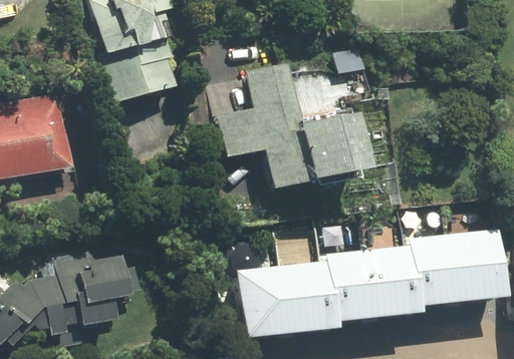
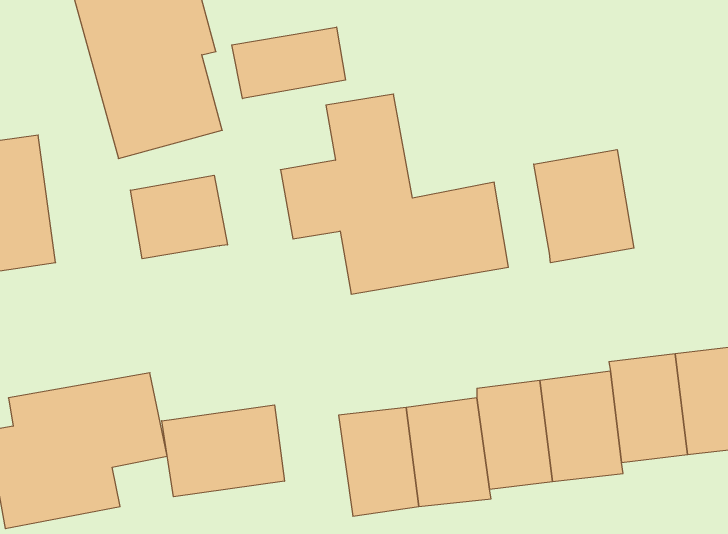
building: none -> [232,27,345,99]
building: none -> [534,150,634,263]
building: none -> [130,175,227,259]
building: none -> [162,405,284,497]

